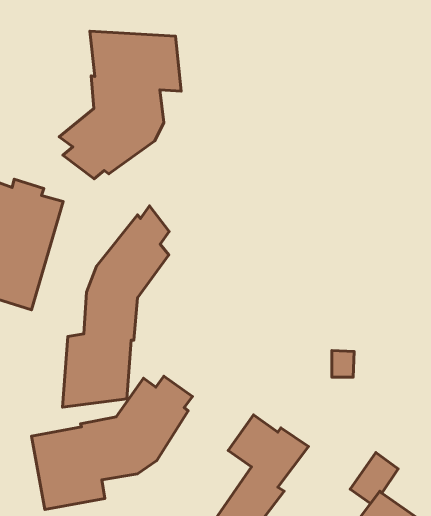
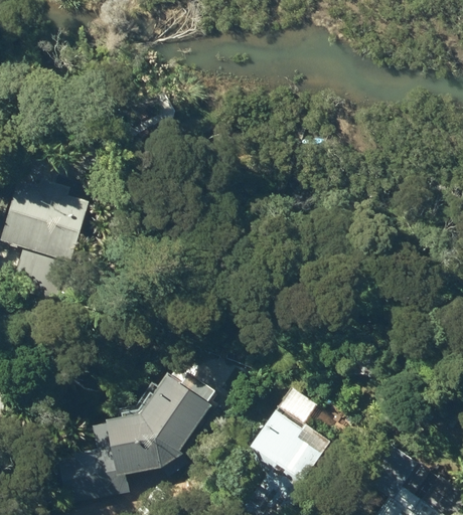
building: [59,31,181,179] -> none
building: [62,206,169,407] -> none

